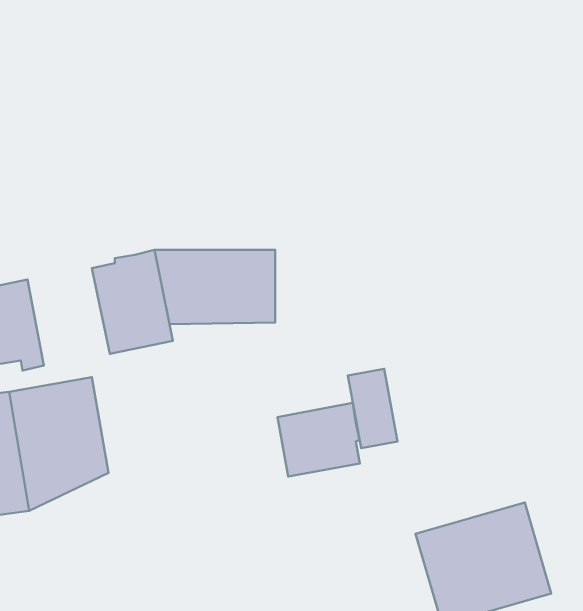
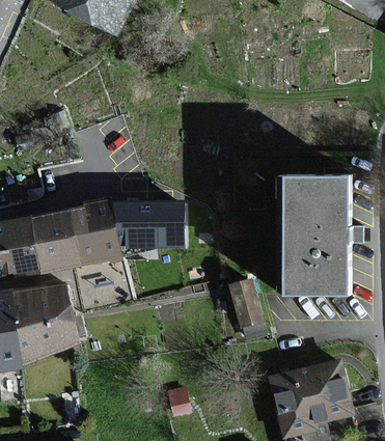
building: none -> [280,177,355,295]
building: none -> [27,213,79,274]
building: [277,403,360,476] -> none

